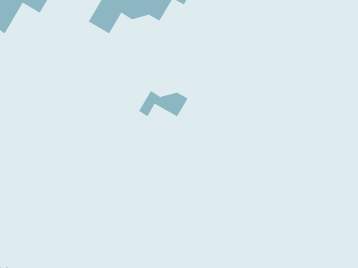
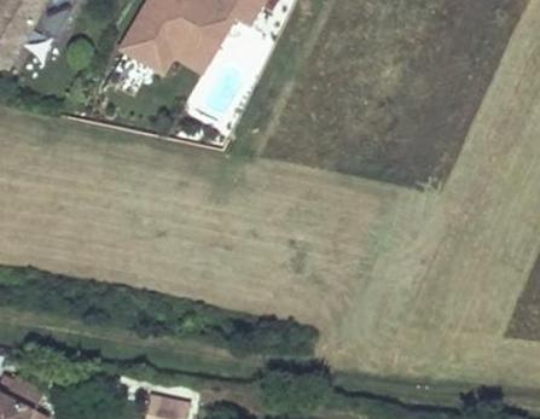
building: [138,90,188,117] -> [147,35,215,71]

